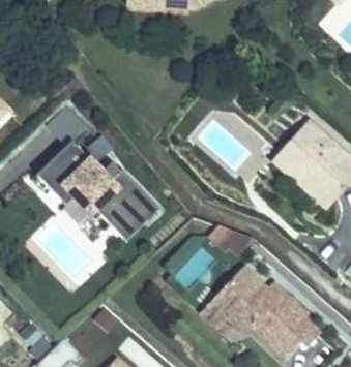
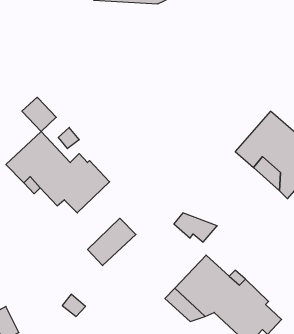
building: [110,191,159,240] -> [88,218,136,266]

